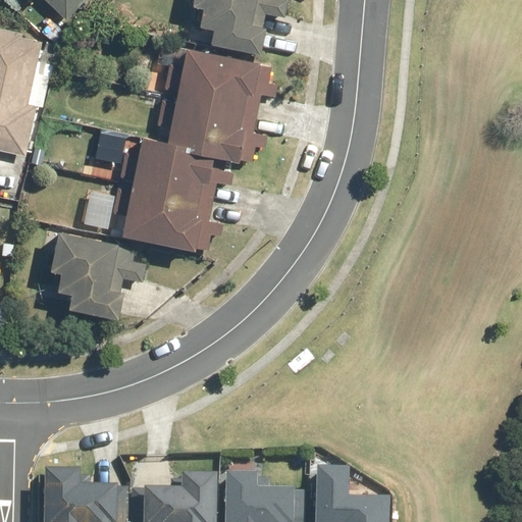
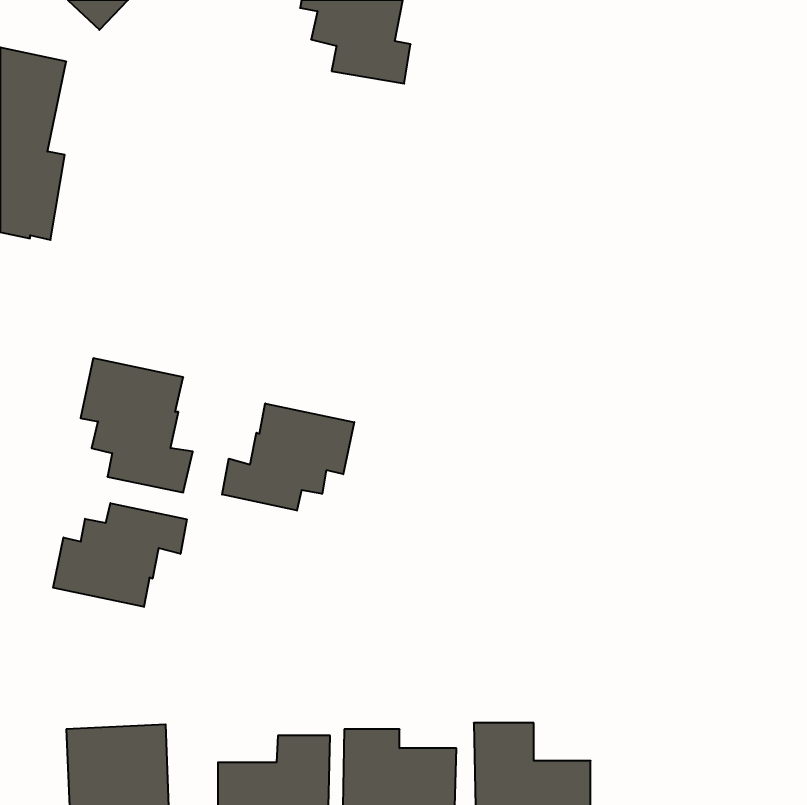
building: [126,48,262,248] -> none
building: none -> [222,403,354,511]
building: none -> [53,503,187,607]

